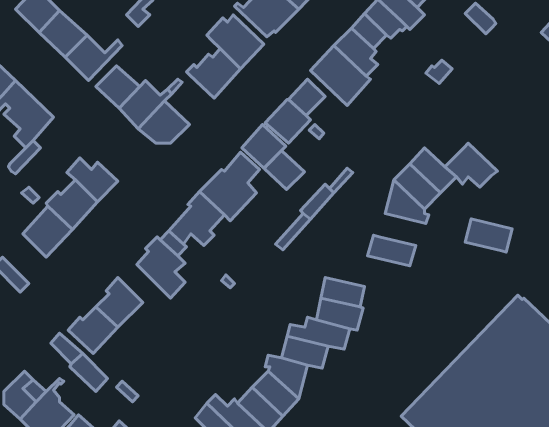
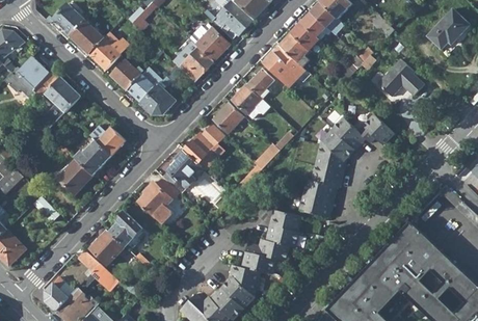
building: none -> [376,59,424,97]
building: [264,151,305,190] -> none
building: [465,219,512,252] -> [311,164,344,188]
building: none -> [299,194,333,217]

